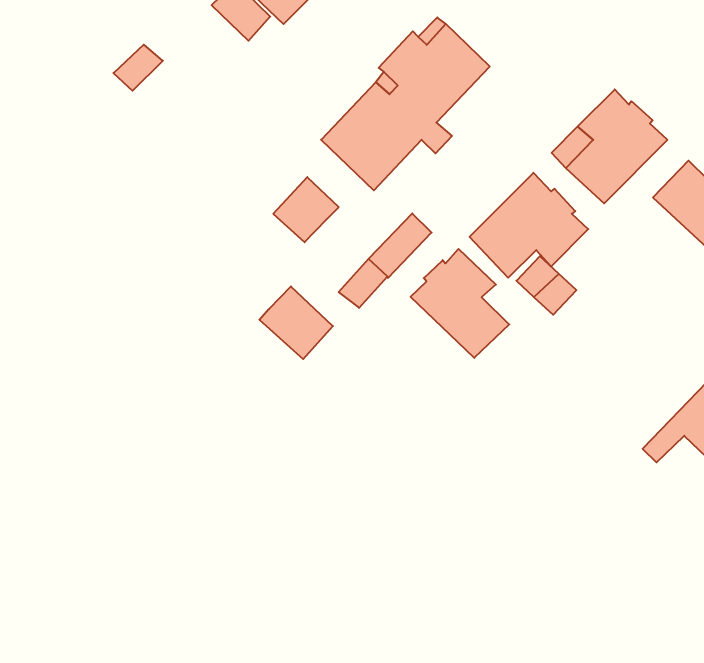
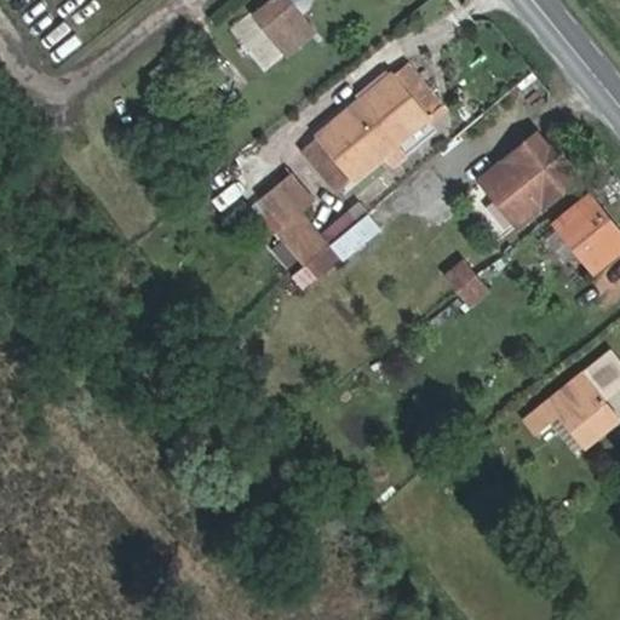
building: [470,173,588,278] -> none
building: [411,249,509,358] -> none
building: [259,286,333,359] -> [271,209,328,268]

